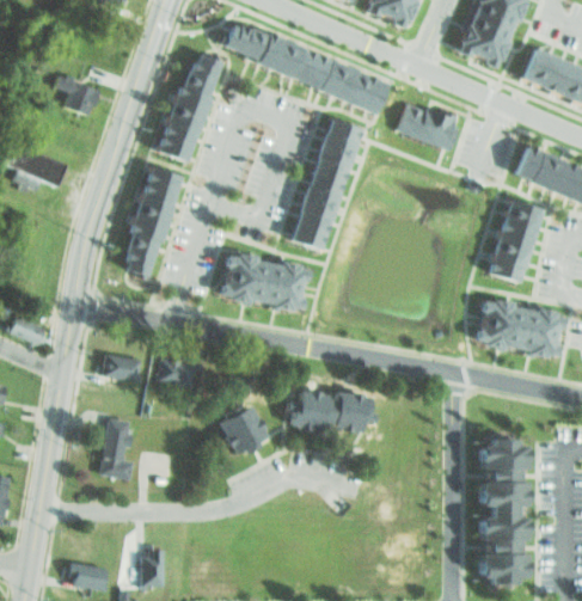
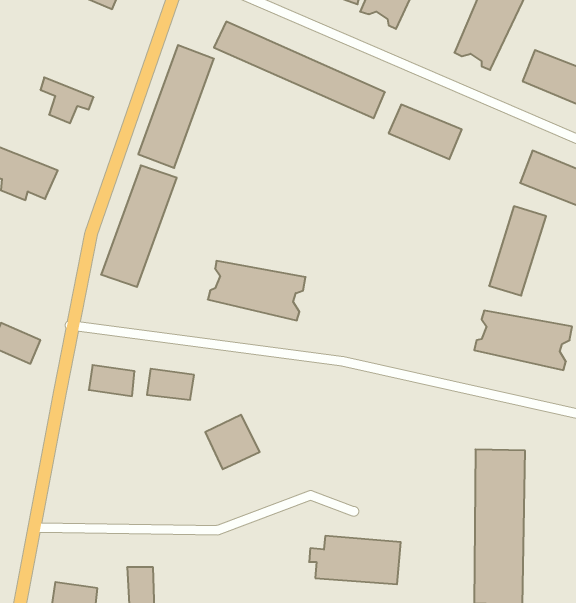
building: [288,117,366,246] -> none
building: [282,391,370,437] -> [309,536,401,584]
building: [99,419,137,485] -> none

